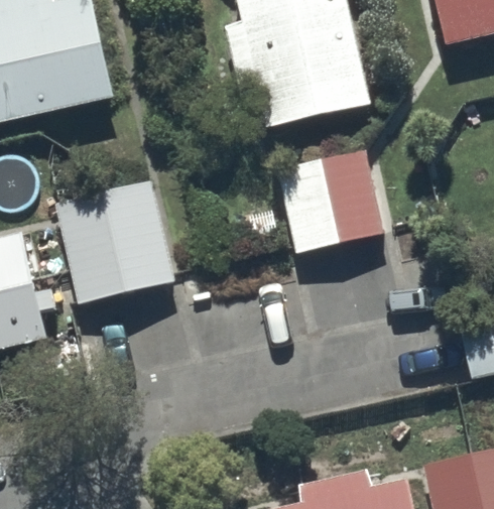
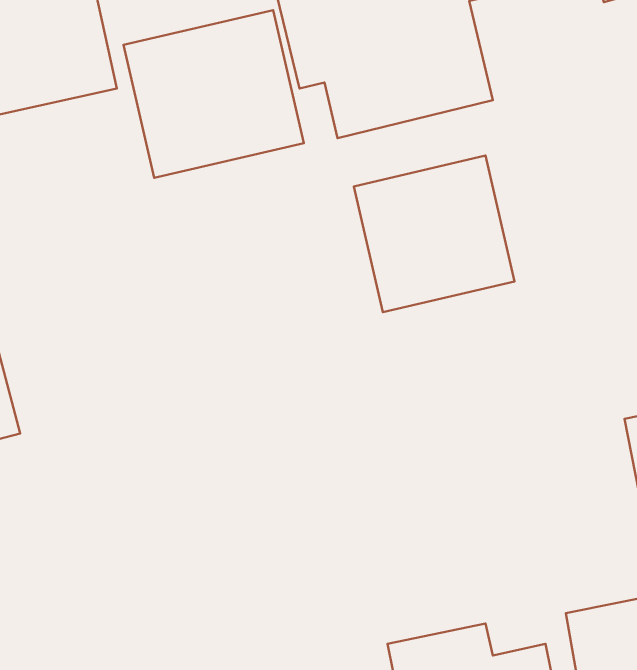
building: none -> [124,10,304,178]
building: [56,183,175,304] -> none

